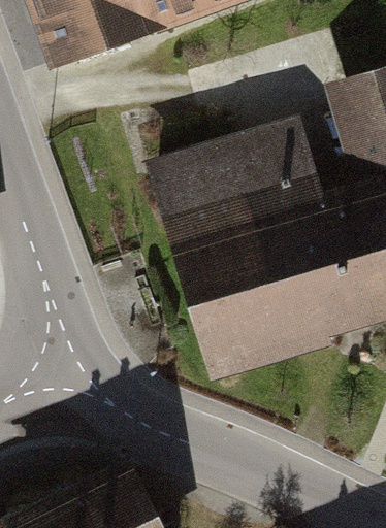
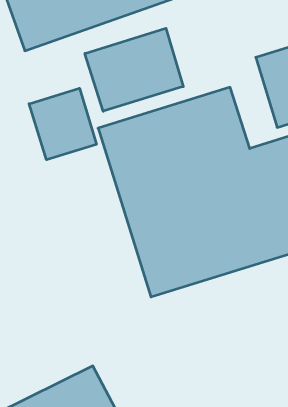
building: none -> [85,28,183,111]
building: none -> [29,88,96,160]

